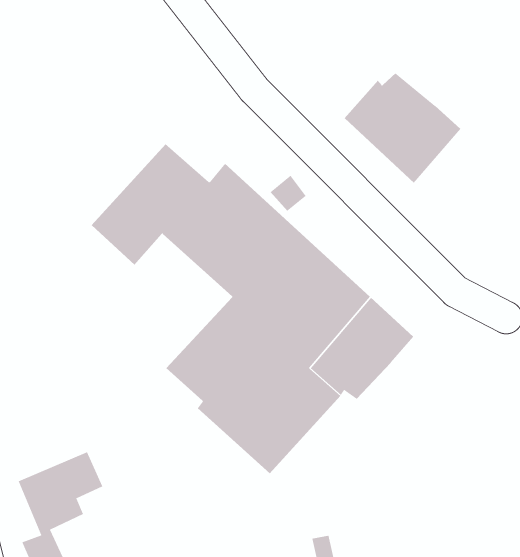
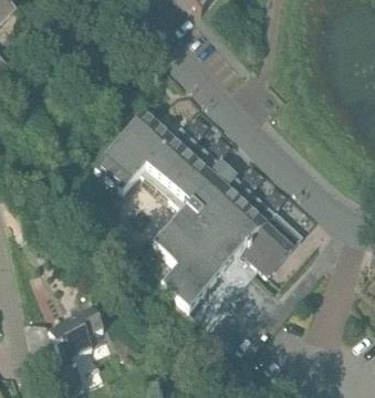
building: [344,72,461,184] -> none

